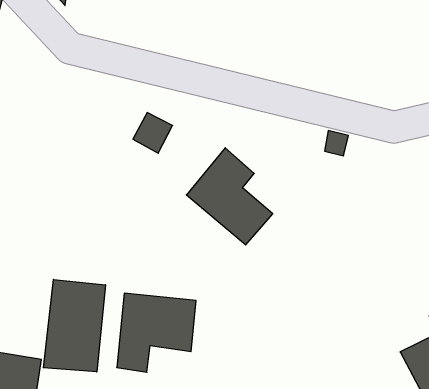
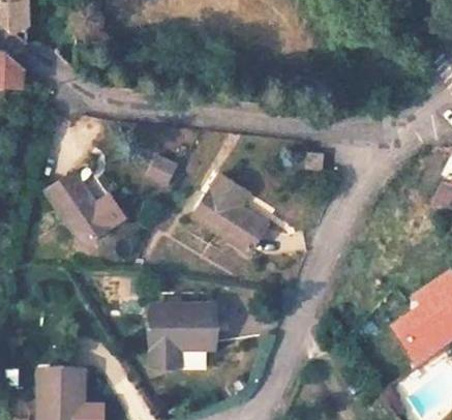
building: none -> [46,164,122,247]
building: [43,279,105,372] -> none

